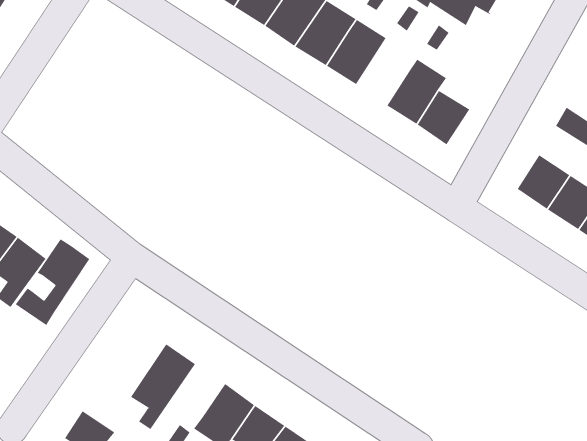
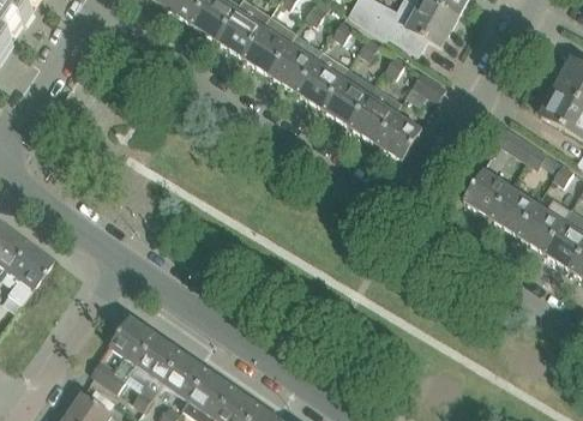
building: none -> [323,66,375,125]
building: none -> [403,71,446,108]
building: [15,239,90,326] -> [90,315,156,392]
building: none -> [162,351,208,398]

